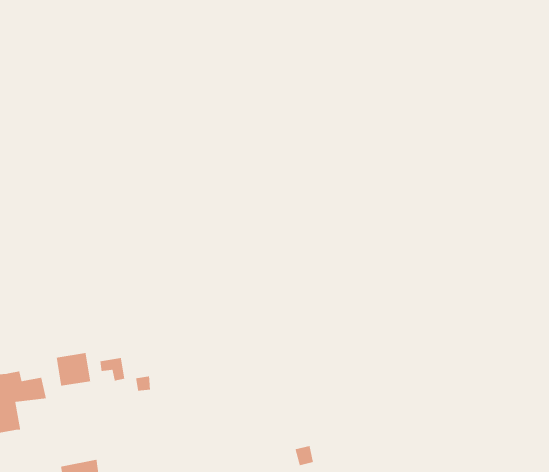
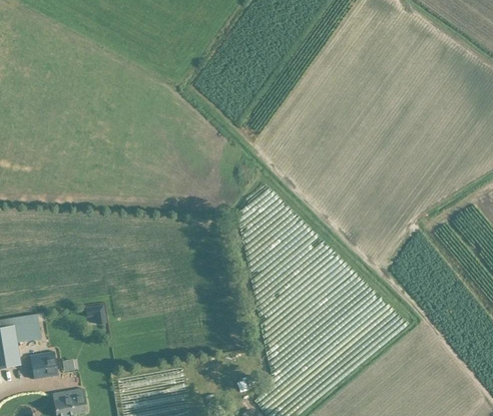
building: [56,352,91,387] -> [28,350,57,378]

